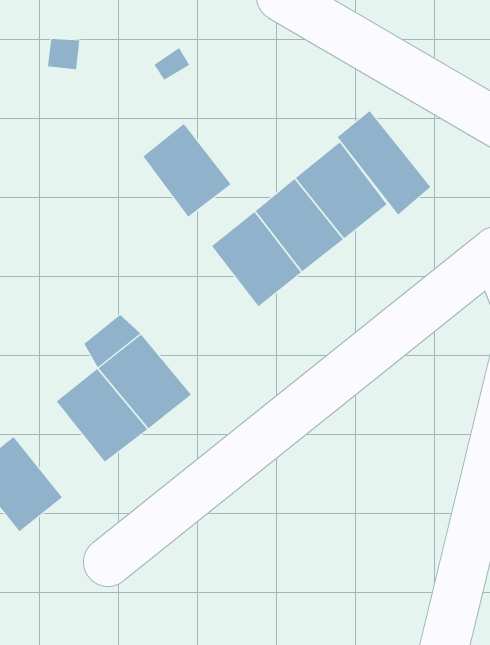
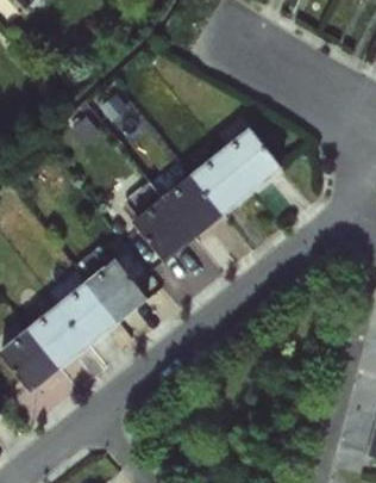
building: [337,110,431,216] -> none
building: [142,123,231,217] -> [133,198,194,262]
building: none -> [27,304,89,370]

